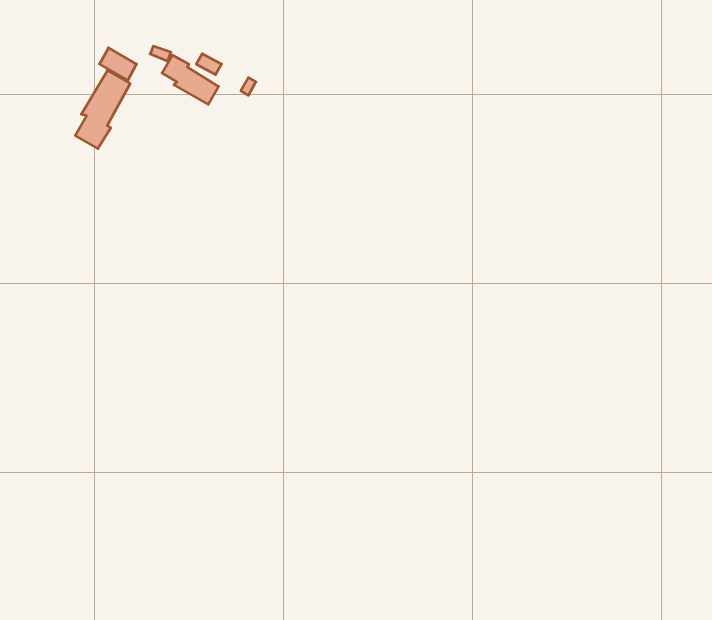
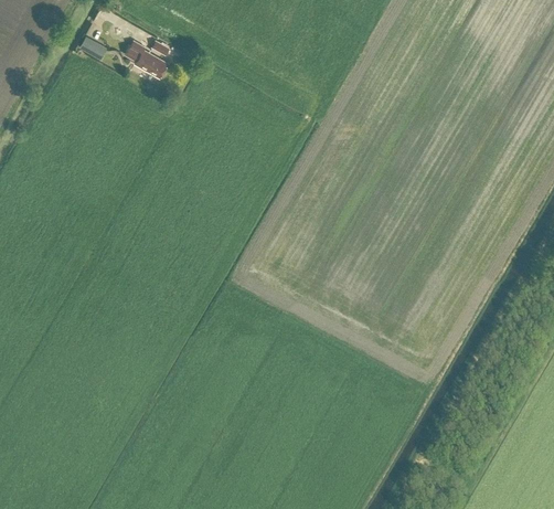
building: [75,70,130,149] -> none

